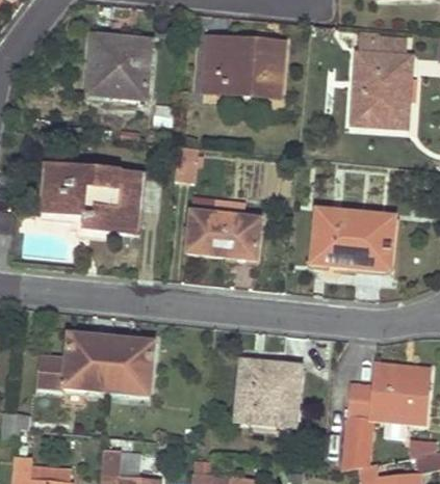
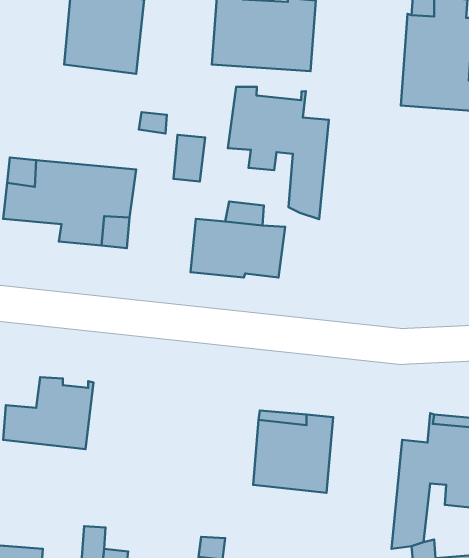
building: none -> [228,87,329,219]
building: [313,211,393,267] -> none
building: [105,340,152,396] -> none

